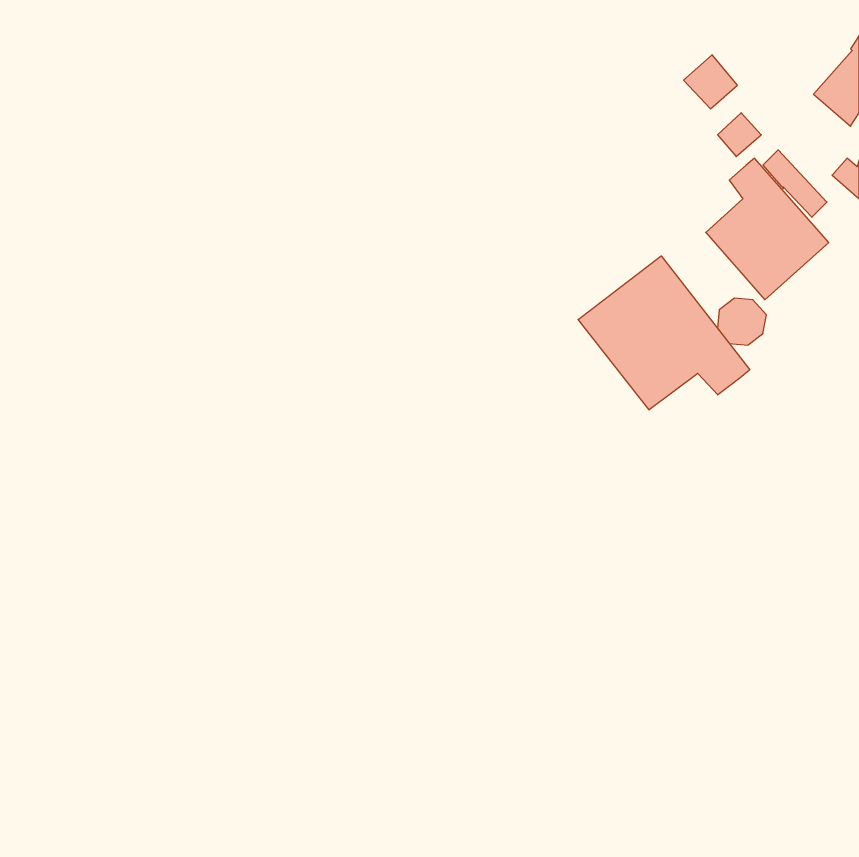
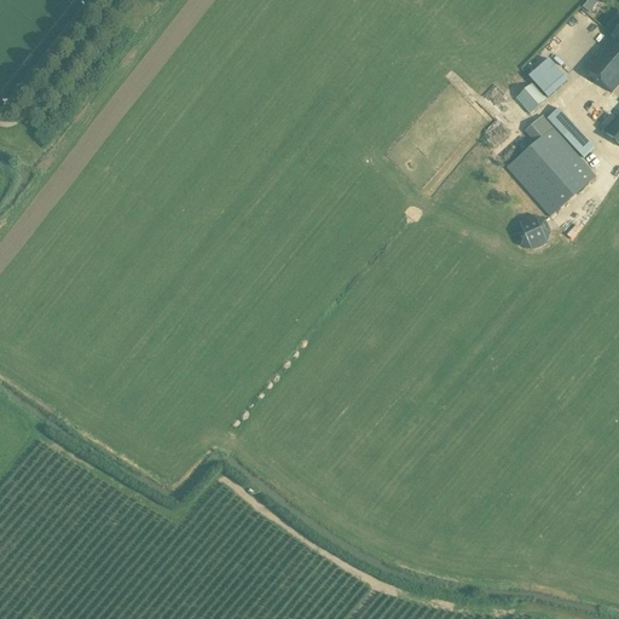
building: [684,55,737,109] -> [528,57,567,96]
building: [578,256,750,410] -> none

